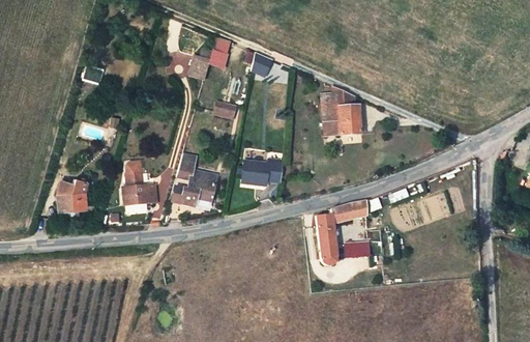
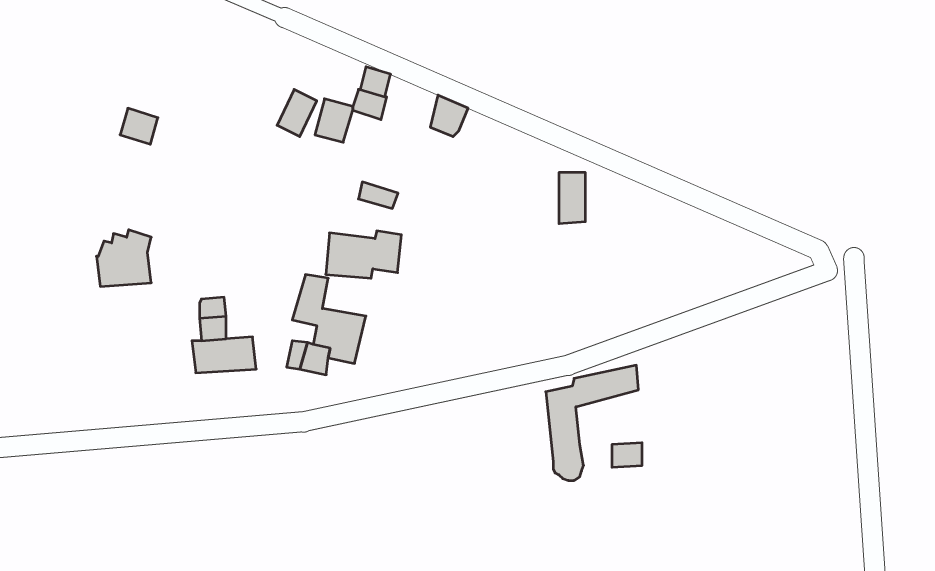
building: [323,90,359,137] -> none
building: [242,158,284,183] -> [326,231,401,278]
building: [57,179,87,210] -> [96,230,151,286]

